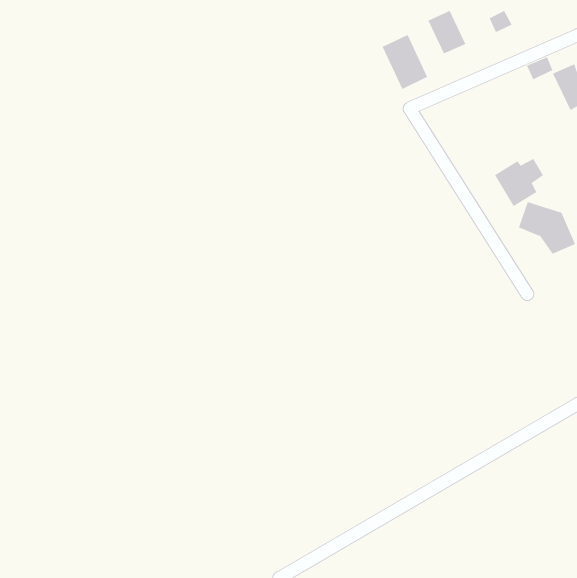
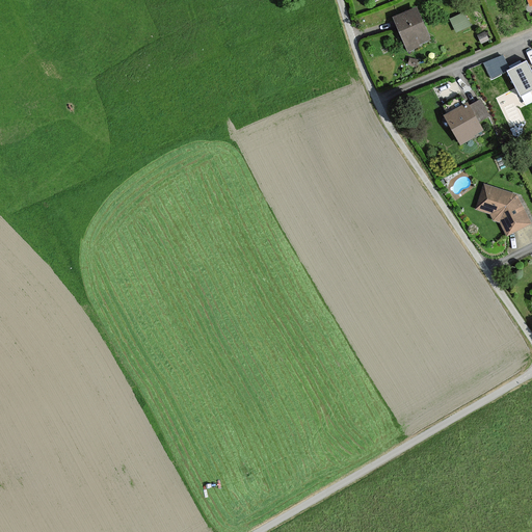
building: [382,34,428,90] -> none
building: [494,158,544,207] -> [444,100,489,144]

